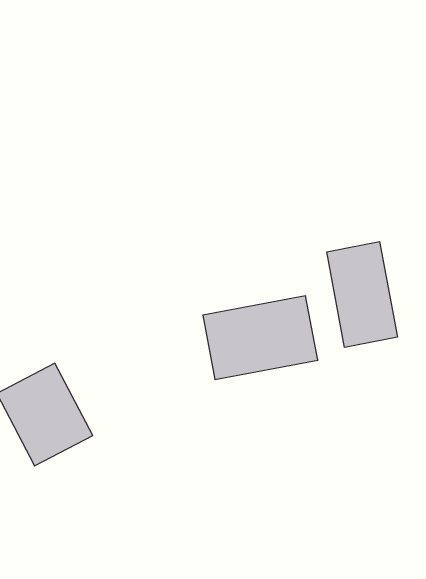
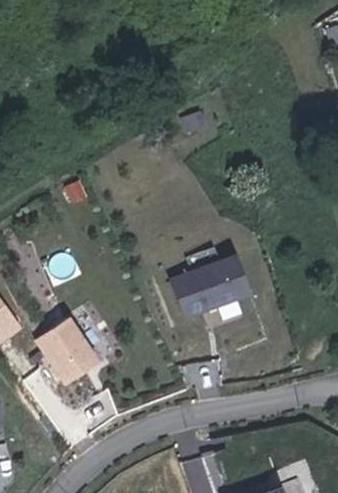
building: [327,242,397,347] -> none

